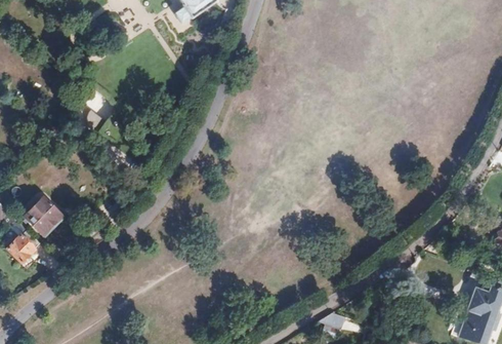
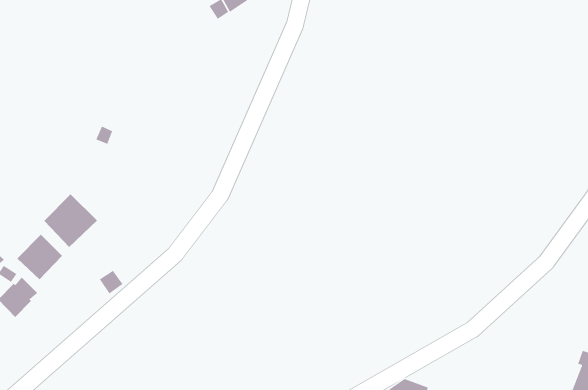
building: none -> [44,194,98,248]

